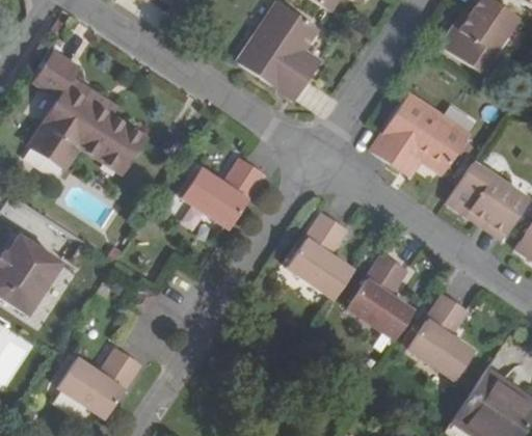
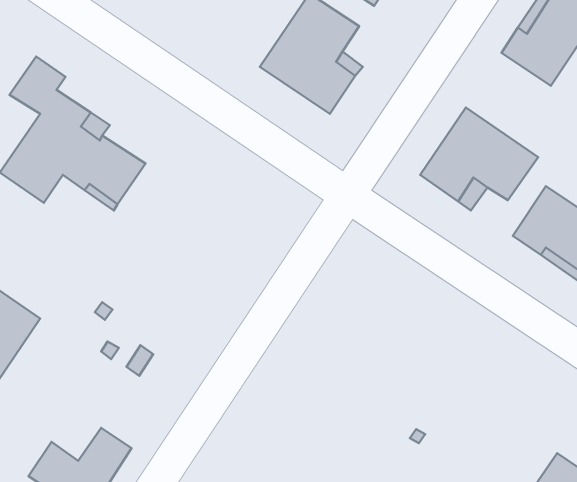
building: [177,161,262,234] -> none
building: [284,215,350,301] -> none
building: [344,254,413,340] -> none
building: [405,294,471,378] -> none

